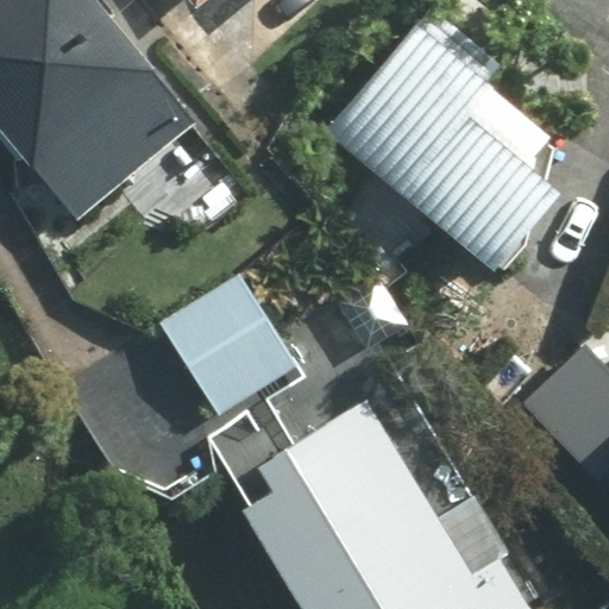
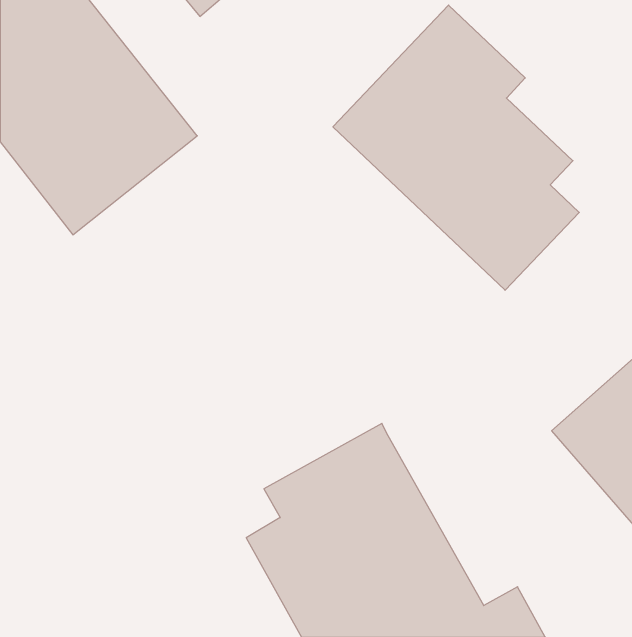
building: [158,271,299,419] -> none

